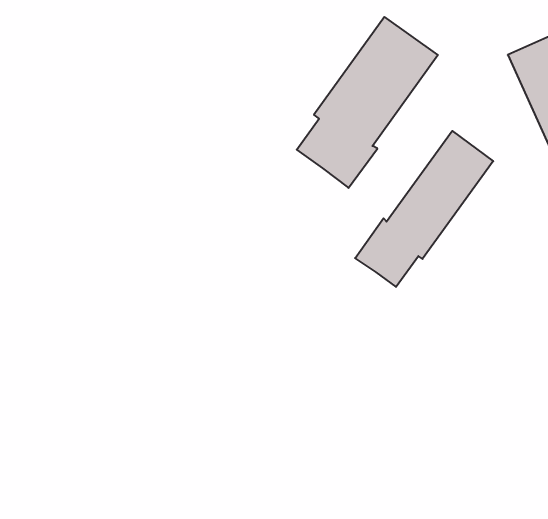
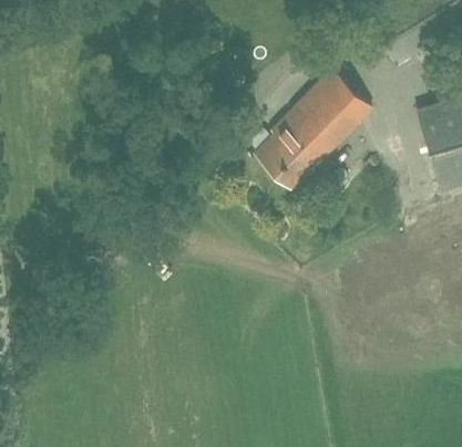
building: [355,131,493,287] -> none

